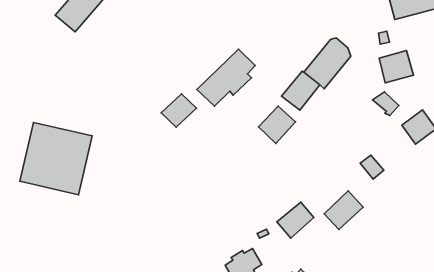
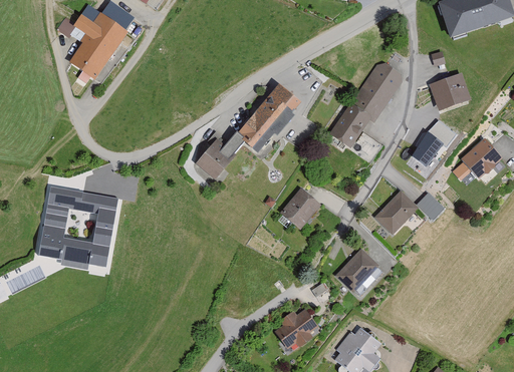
building: none -> [412,130,446,165]
building: [259,106,296,143] -> [276,190,317,232]
building: [324,191,363,229] -> [377,190,421,234]

